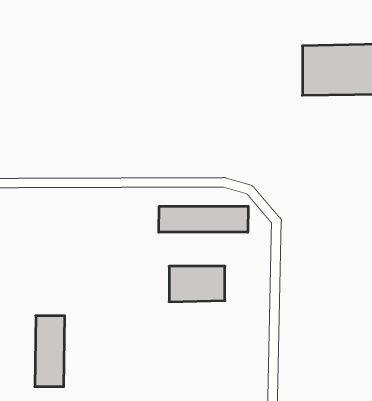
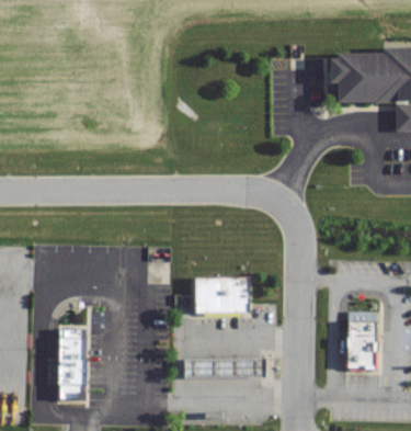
building: [159,206,248,232] -> none
building: none -> [346,313,375,370]

